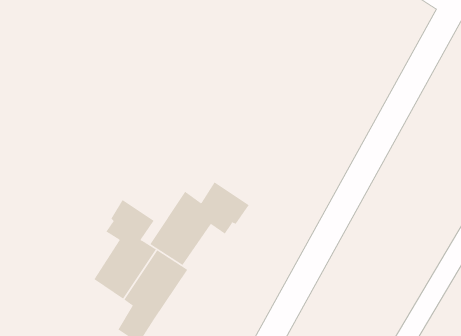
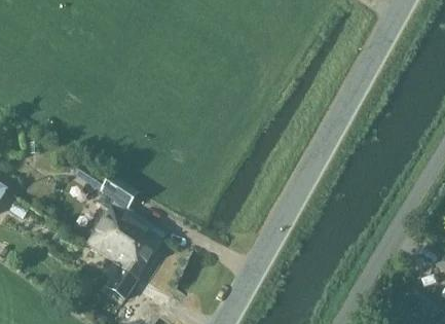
building: [149,182,250,266] -> none

